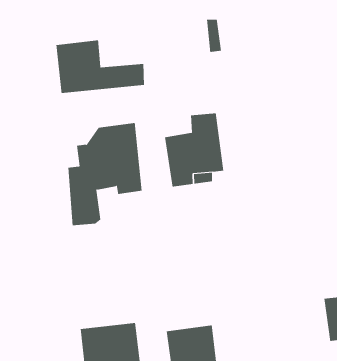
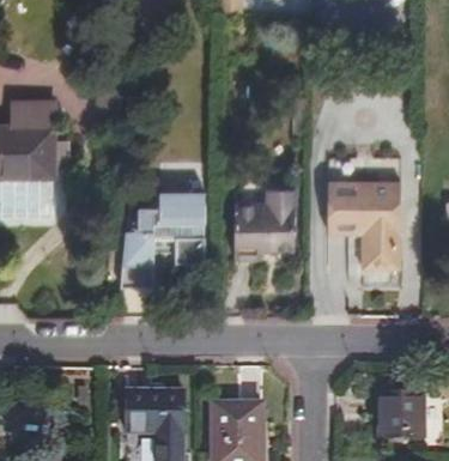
building: [56,40,144,94] -> none
building: none -> [323,172,398,260]

